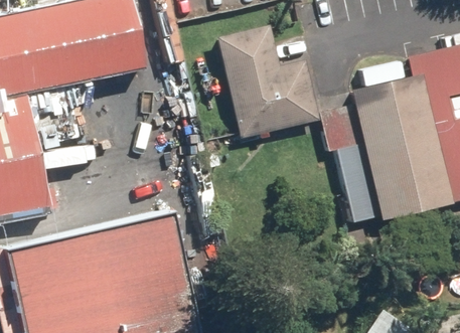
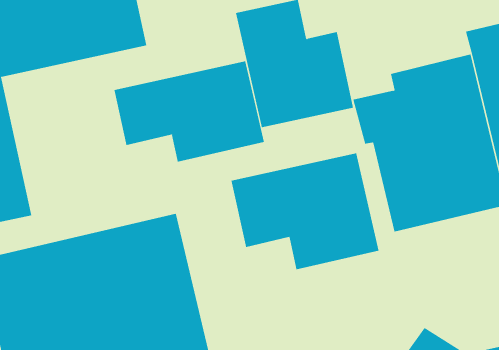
building: none -> [114,60,265,162]
building: none -> [231,152,379,270]

